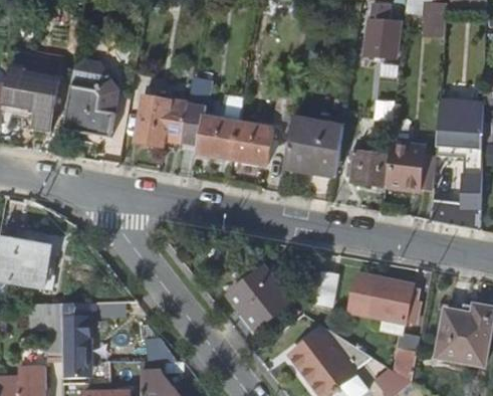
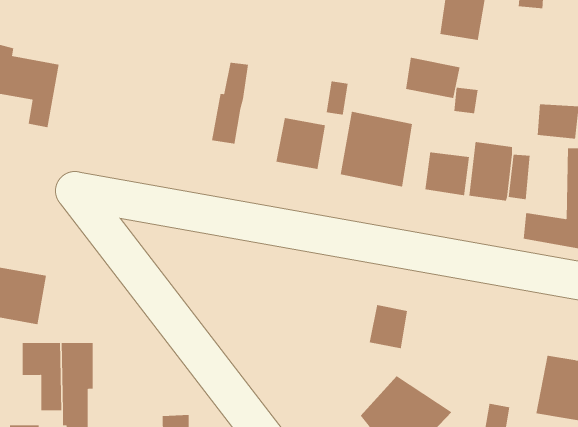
building: [62,57,117,136] -> none
building: none -> [406,57,460,99]
building: [198,92,243,158] -> none
building: [134,94,187,149] -> none
building: [228,266,291,330] -> none
building: [349,274,423,325] -> none

